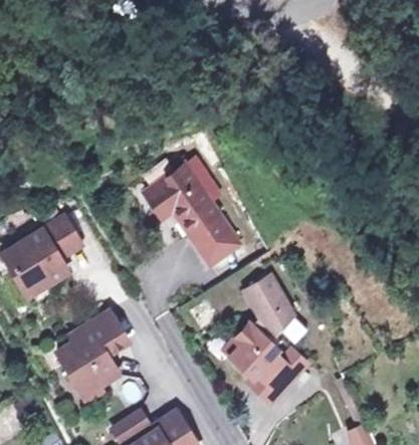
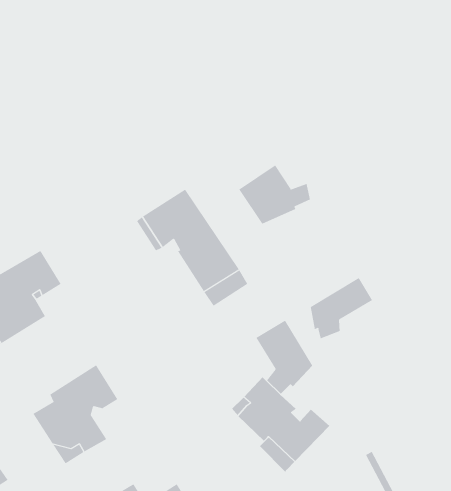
building: none -> [238,164,310,225]
building: none -> [310,277,373,339]

